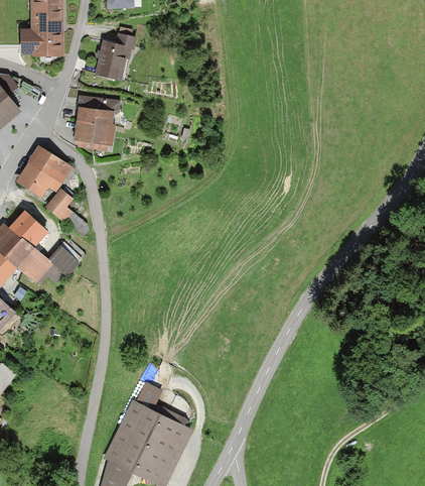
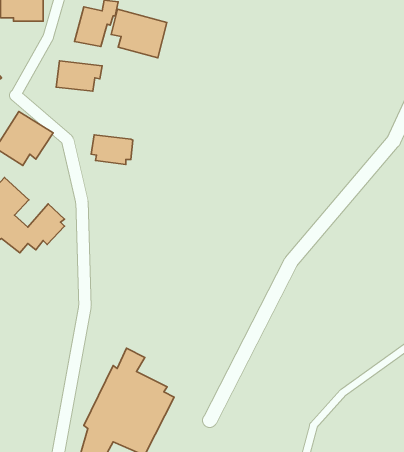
building: none -> [111,9,167,58]
building: [73,121,114,150] -> [91,135,133,164]
building: [45,189,74,222] -> none

